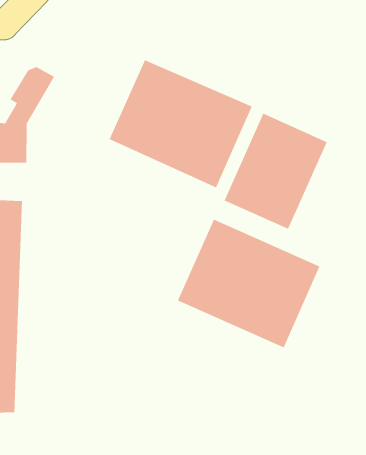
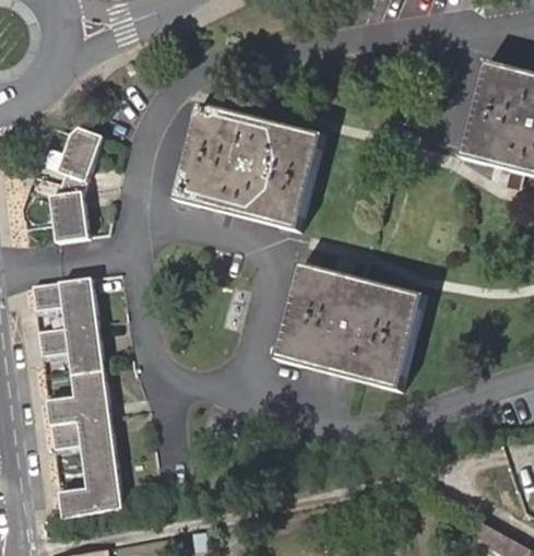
building: [223,112,328,230] -> none

